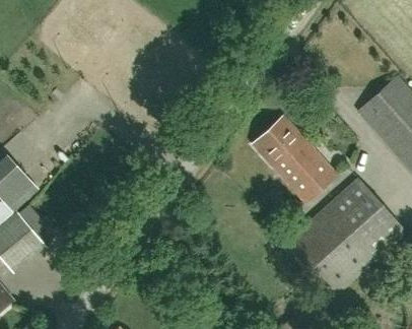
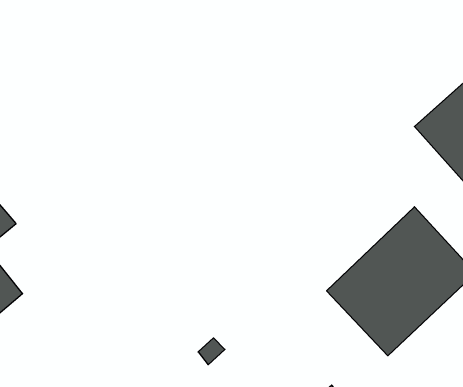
building: [253,115,337,203] -> none

